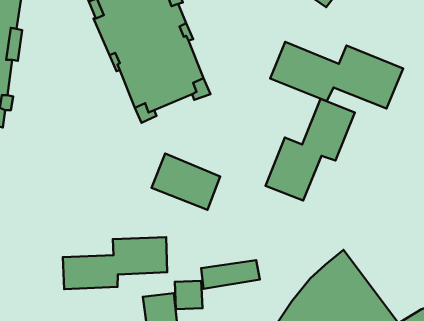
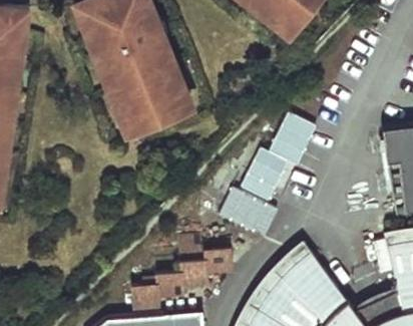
building: [270,42,403,108] -> none
building: [151,154,220,210] -> [218,189,278,238]
building: [63,237,167,289] -> none

